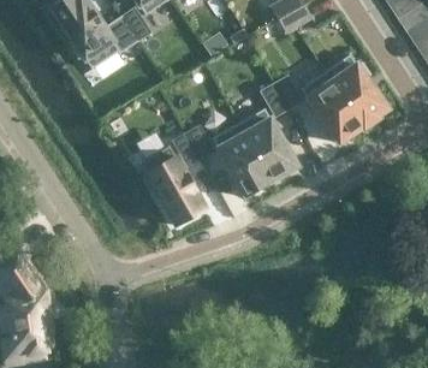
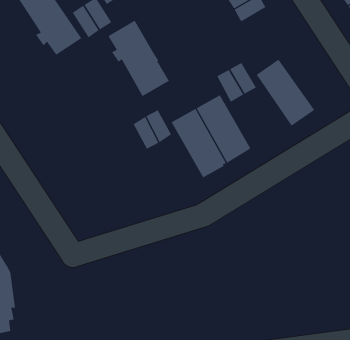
building: [325,54,387,127] -> none
building: [139,146,204,226] -> [108,20,170,97]

